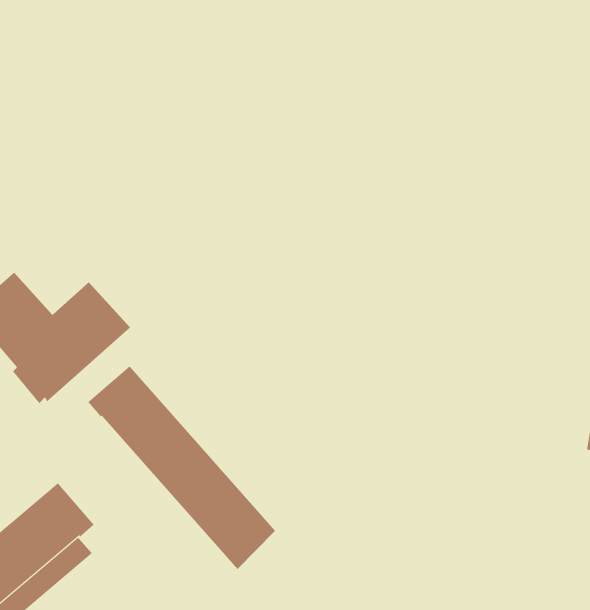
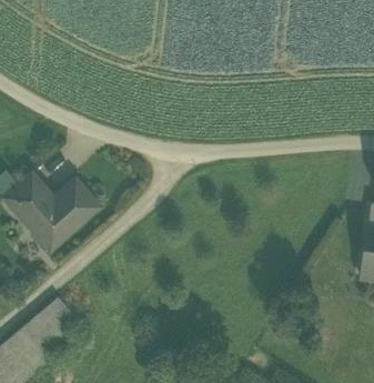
building: [88,366,276,570] -> none

